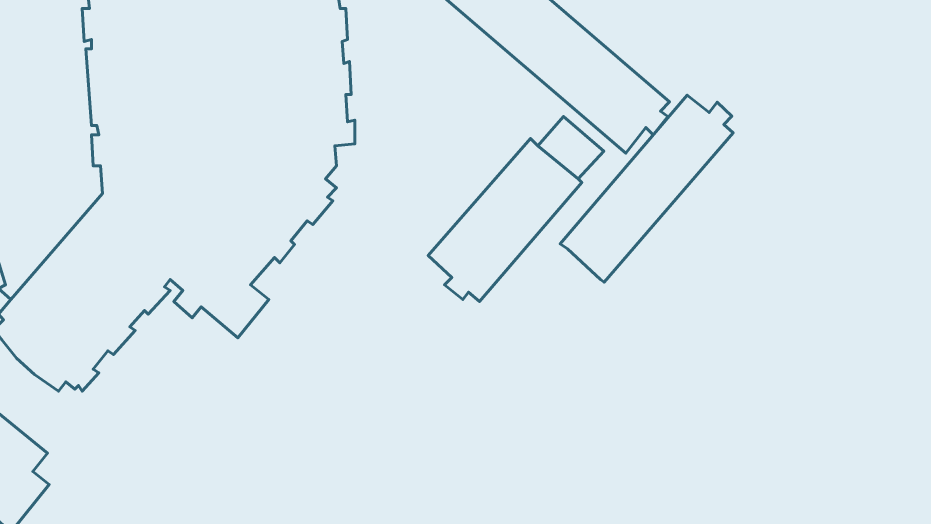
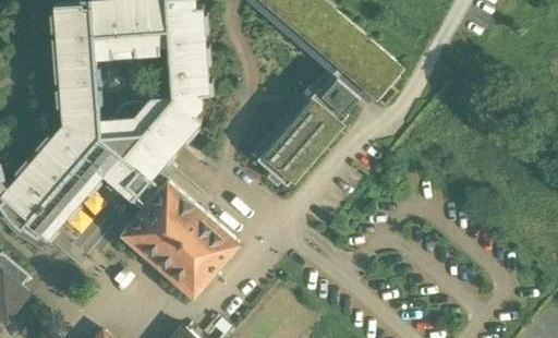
building: [560,95,733,282] -> none
building: none -> [121,181,236,295]

